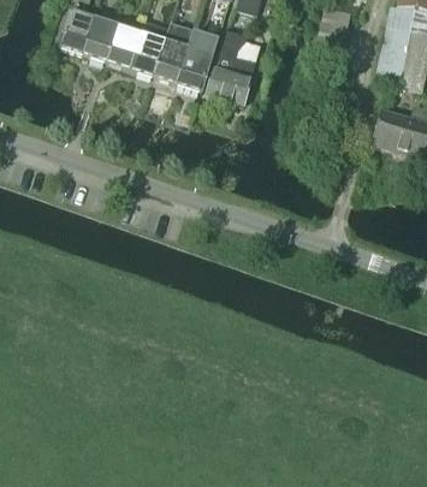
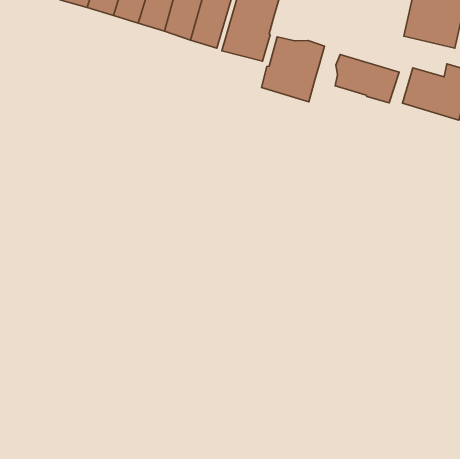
building: none -> [262,37,324,102]
building: none -> [335,55,399,103]

